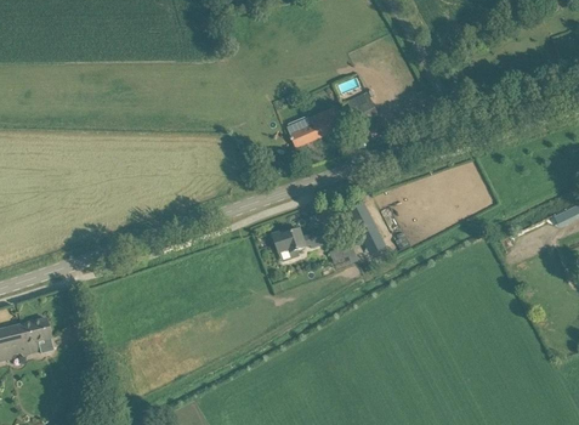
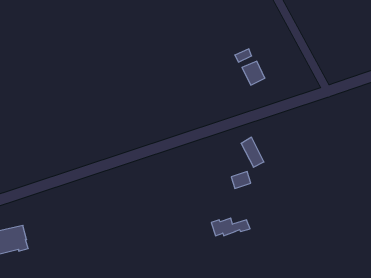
building: [288,108,340,147] -> none
building: [272,228,325,253] -> [211,218,250,236]

